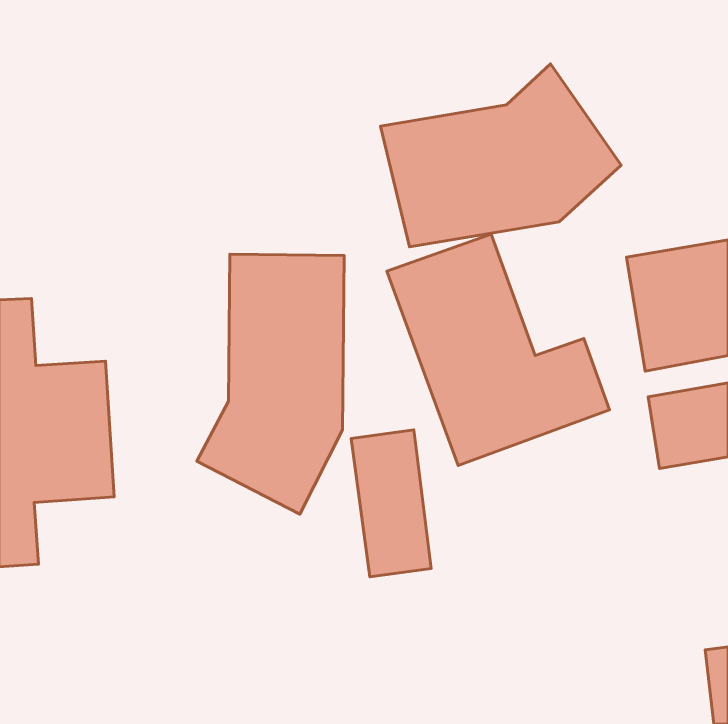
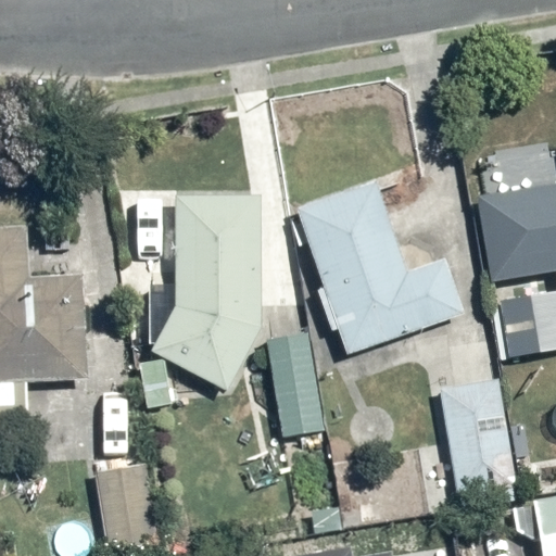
building: [380,64,621,247] -> none
building: none -> [441,377,513,501]
building: none -> [94,465,153,545]

